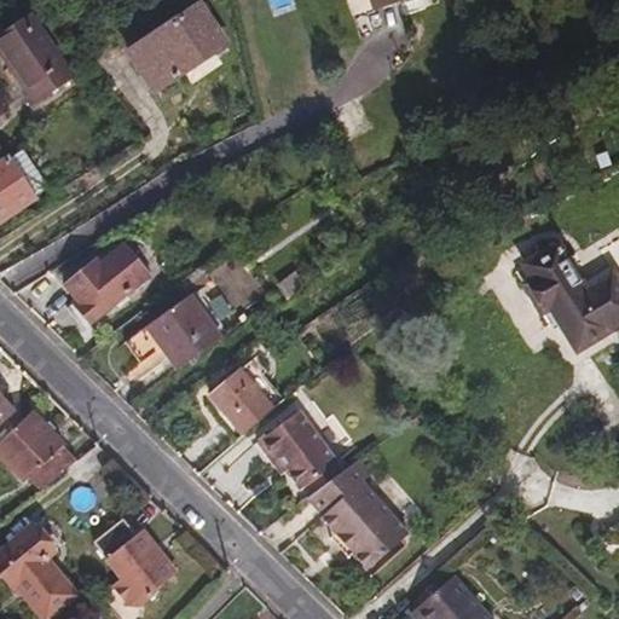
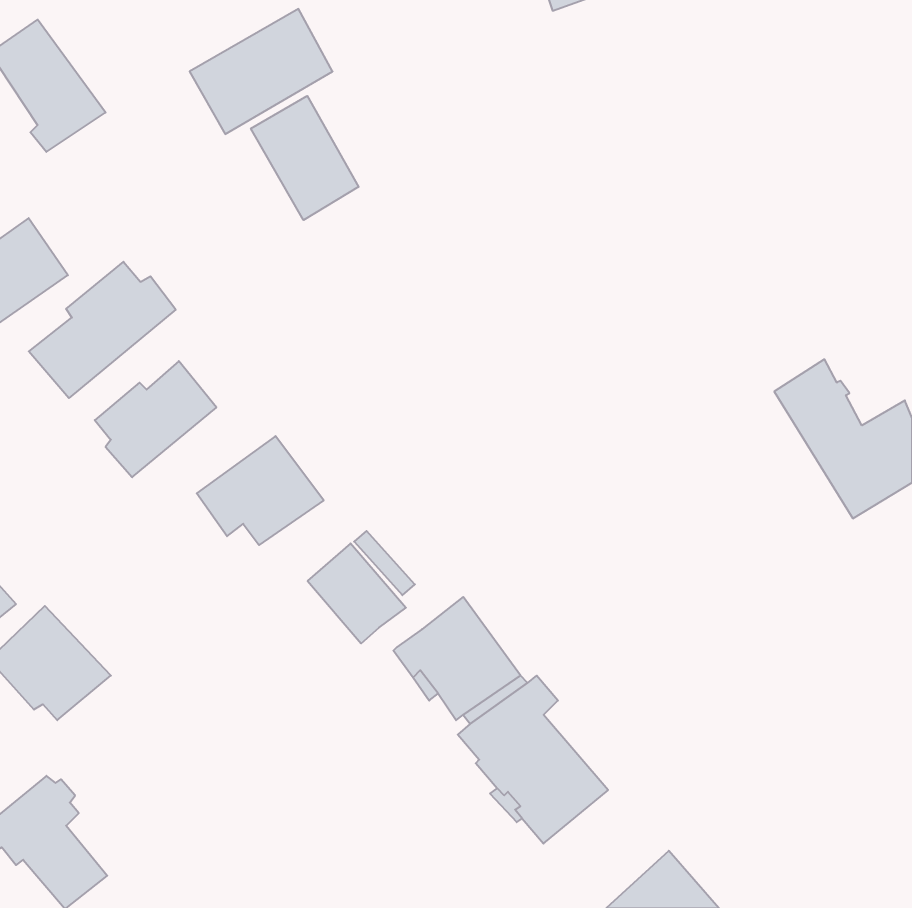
building: none -> [251,96,359,220]
building: none -> [29,262,176,398]
building: [92,519,175,607] -> none

